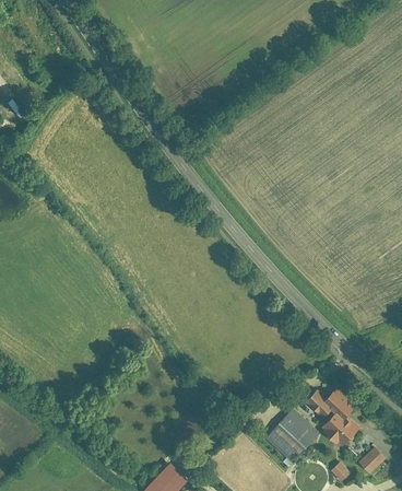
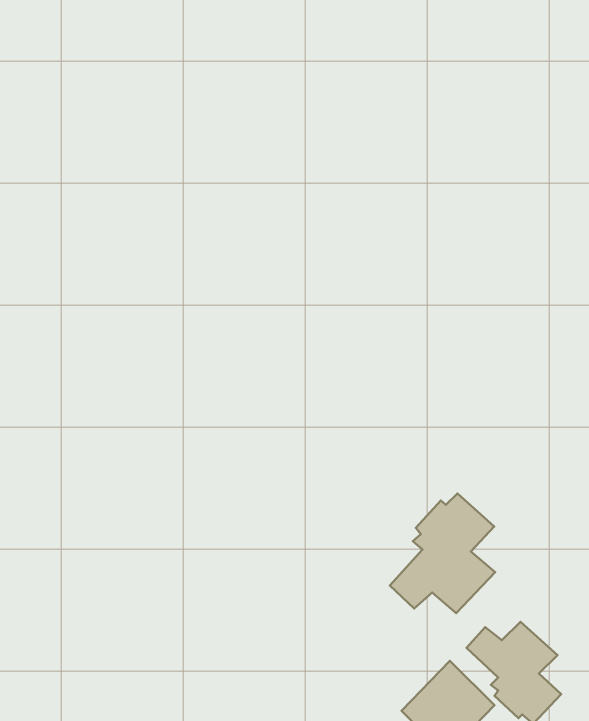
building: none -> [390,493,495,613]

